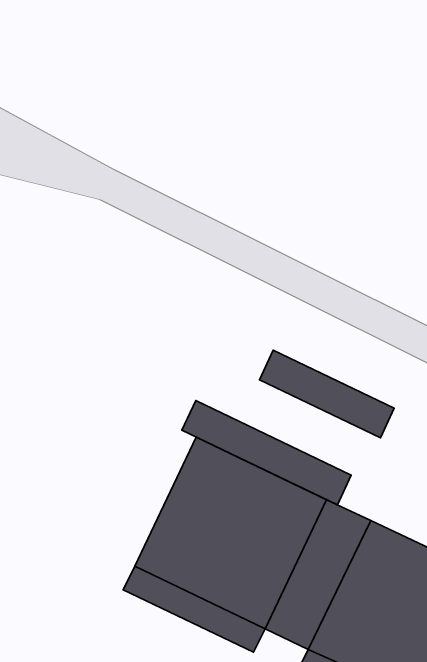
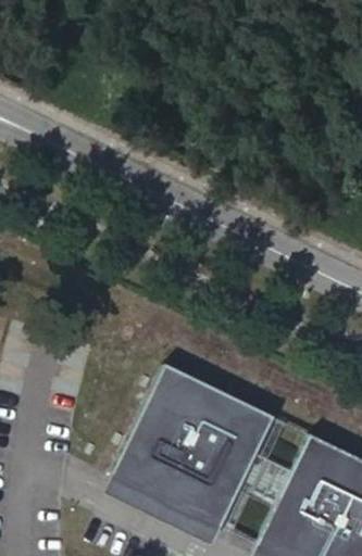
building: [259,350,394,438] -> none
building: [182,400,351,505] -> none

